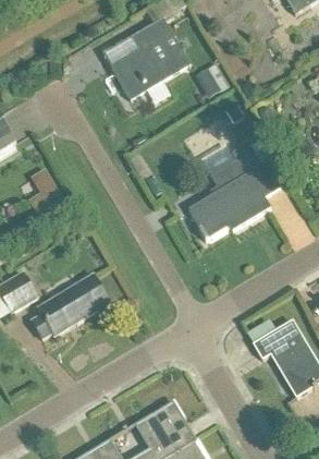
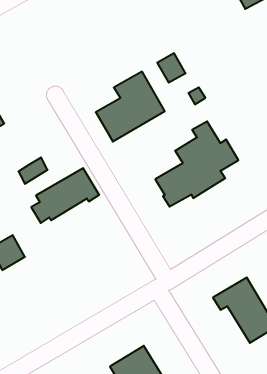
building: [108,17,187,98] -> [96,72,165,142]
building: [33,275,111,338] -> [31,168,99,223]

